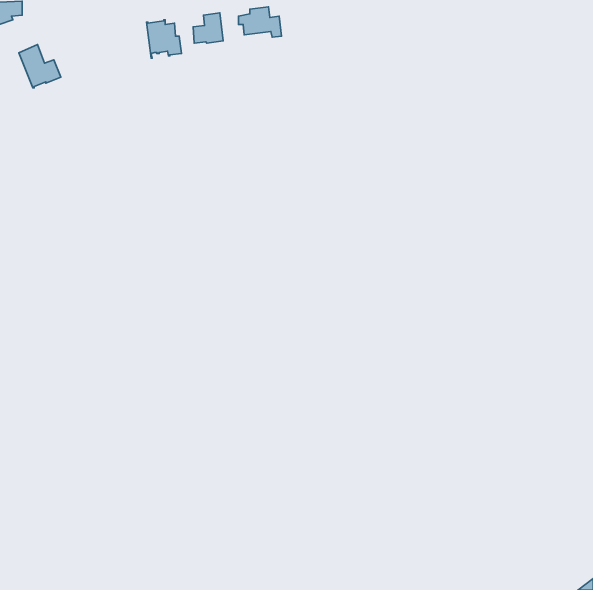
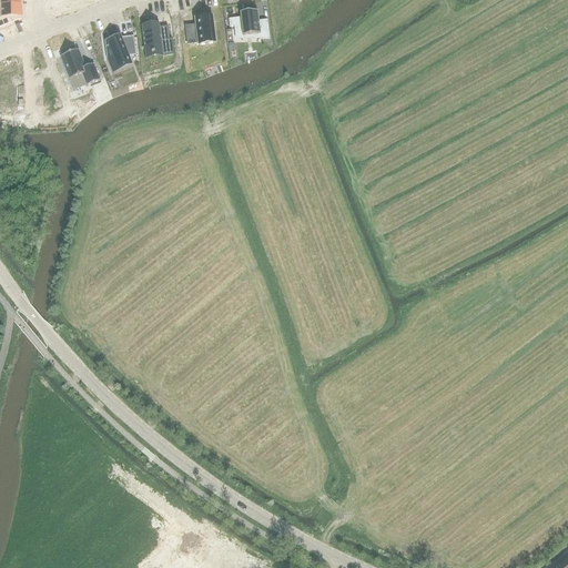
building: none -> [103,31,134,65]
building: [19,45,61,88] -> [59,45,99,87]

